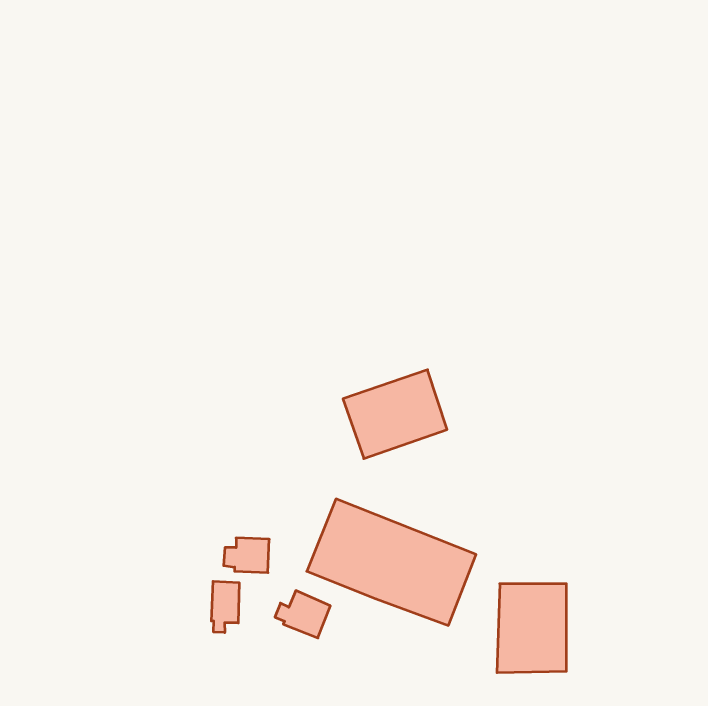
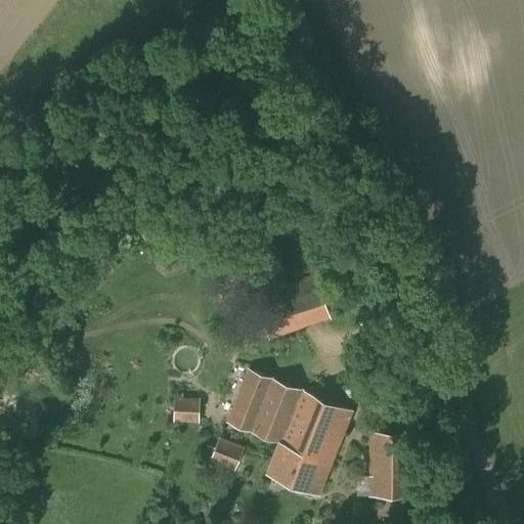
building: [211,581,239,633] -> none
building: none -> [265,444,331,496]

